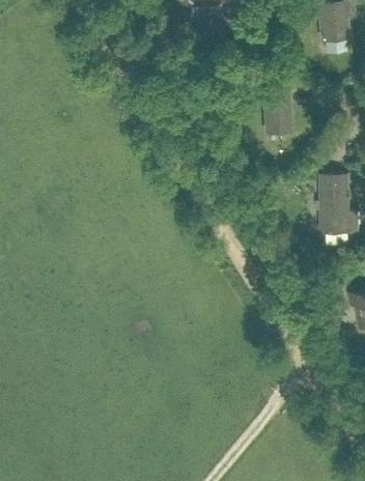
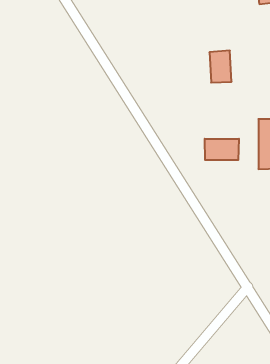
building: none -> [205,139,239,160]

